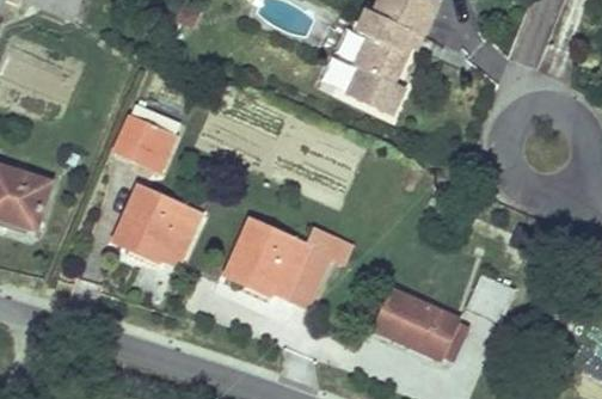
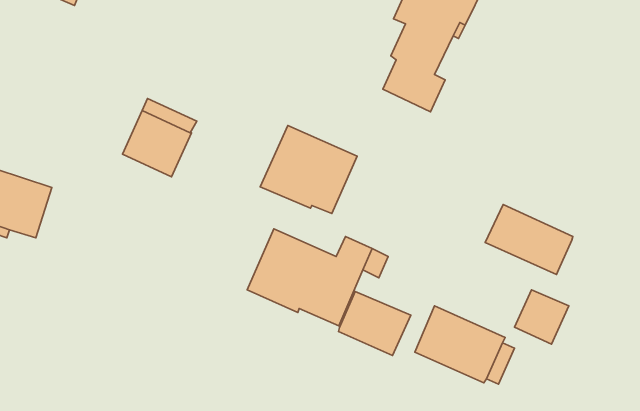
building: [112,185,199,264] -> [260,126,357,213]
building: none -> [485,205,573,274]
building: none -> [338,291,411,355]

